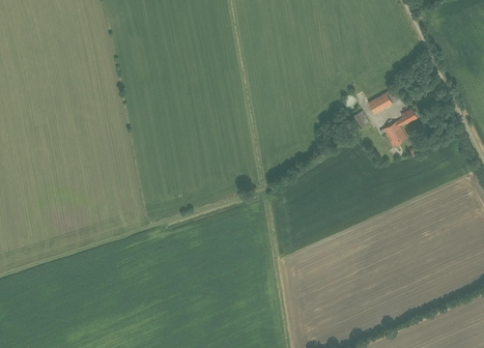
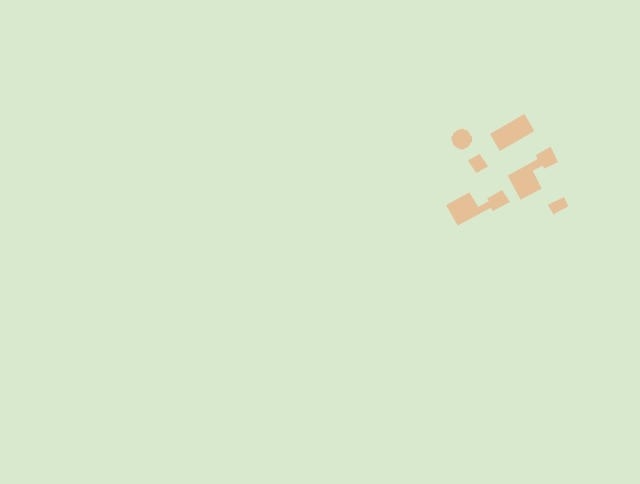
building: none -> [445,189,511,226]

